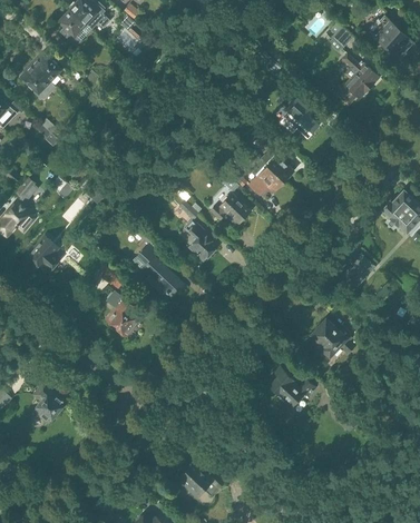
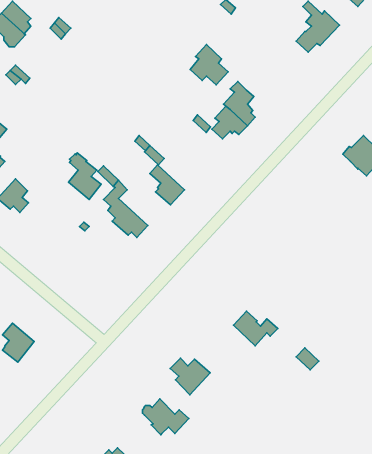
building: [280,97,319,138] -> [190,45,228,85]
building: [208,193,250,224] -> none
building: [343,254,375,286] -> none
building: [105,289,138,337] -> [69,153,101,199]
building: [311,318,354,357] -> none
building: none -> [170,358,210,395]

